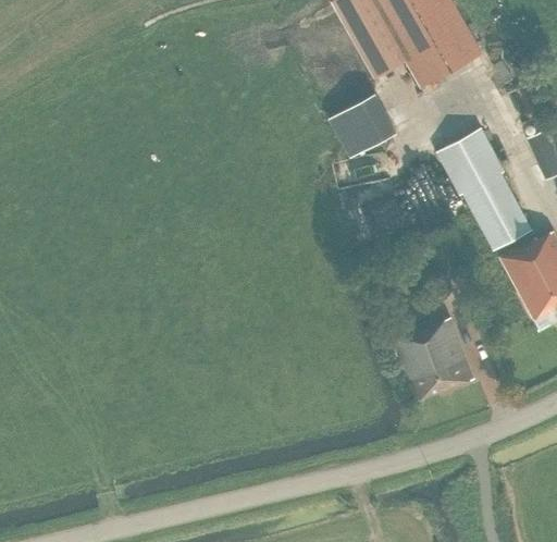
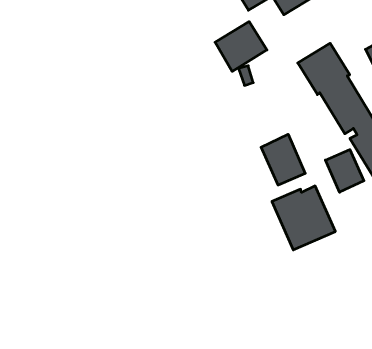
building: none -> [261,134,305,185]
building: none -> [325,150,364,192]

